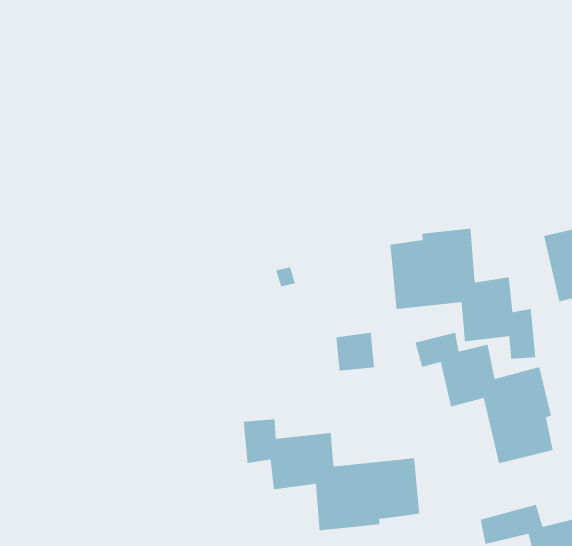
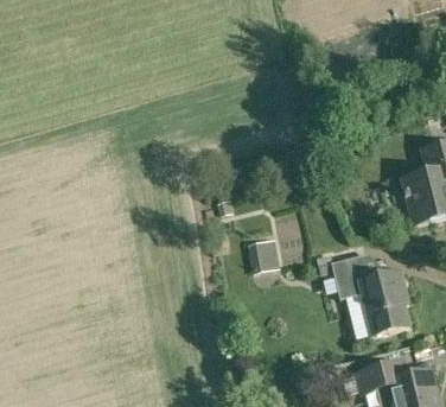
building: [390,228,536,360] -> none
building: [243,418,420,531] -> none

